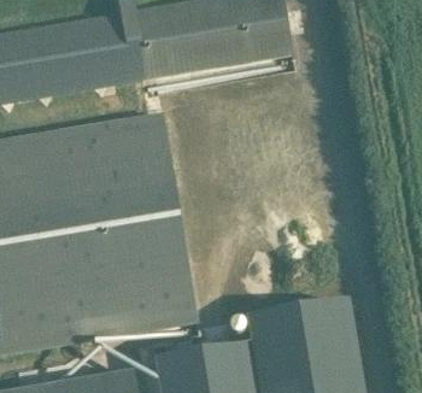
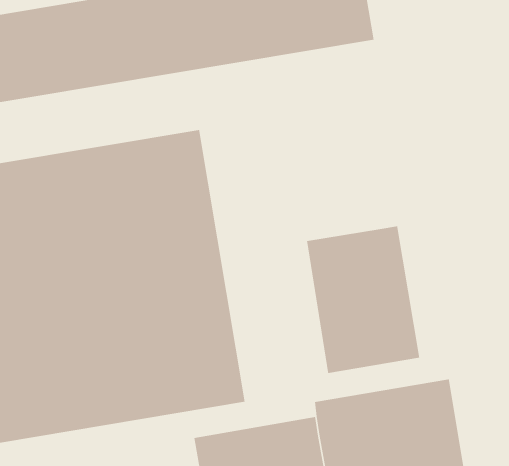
building: none -> [307,225,420,374]

